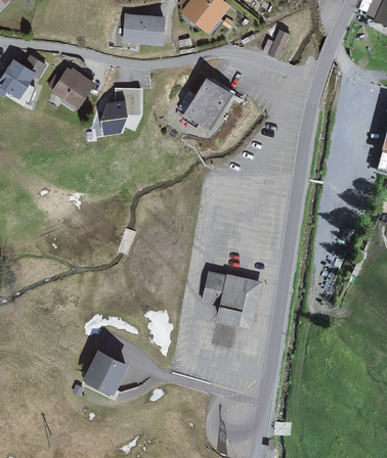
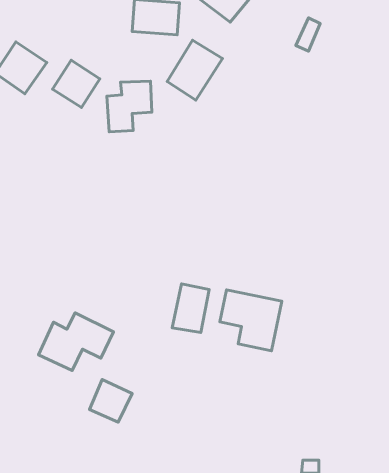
building: [186,79,235,132] -> [167,40,222,100]
building: none -> [172,284,209,333]
building: none -> [38,313,113,370]

